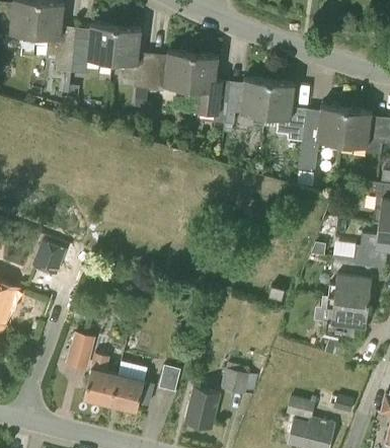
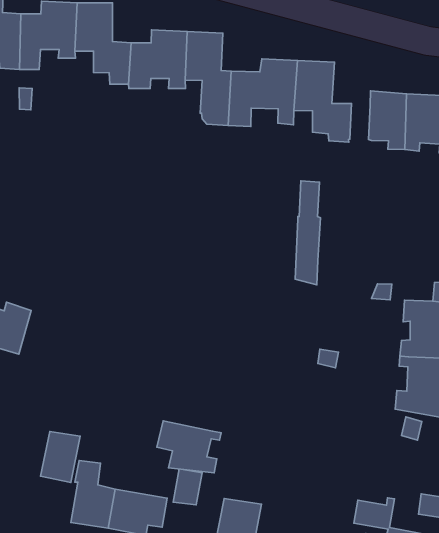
building: [297,114,319,189] -> [295,181,321,285]
building: none -> [157,421,221,473]
building: [220,364,256,394] -> none

